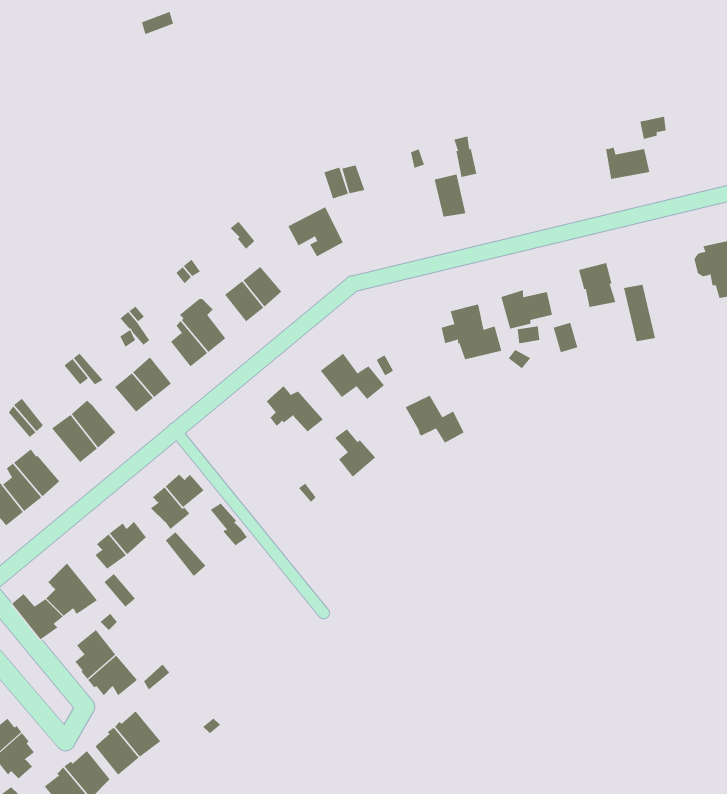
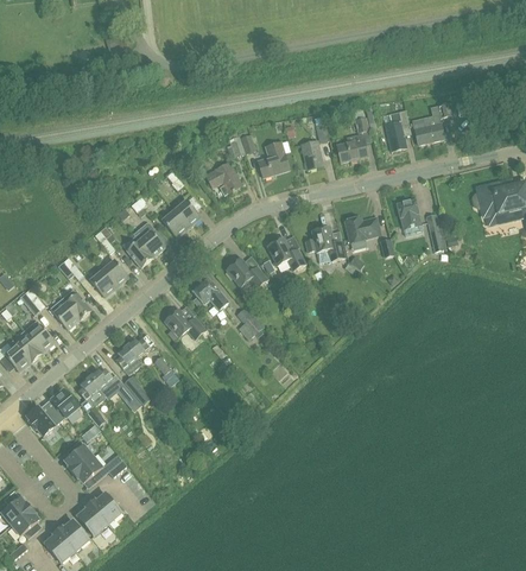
building: none -> [385,109,408,150]
building: none -> [337,133,367,161]
building: none -> [258,141,289,177]
building: [405,395,464,443] -> [266,237,305,269]
building: none -> [164,309,205,341]

